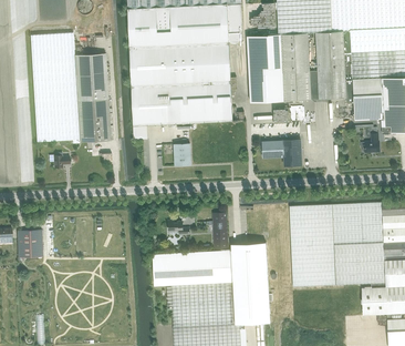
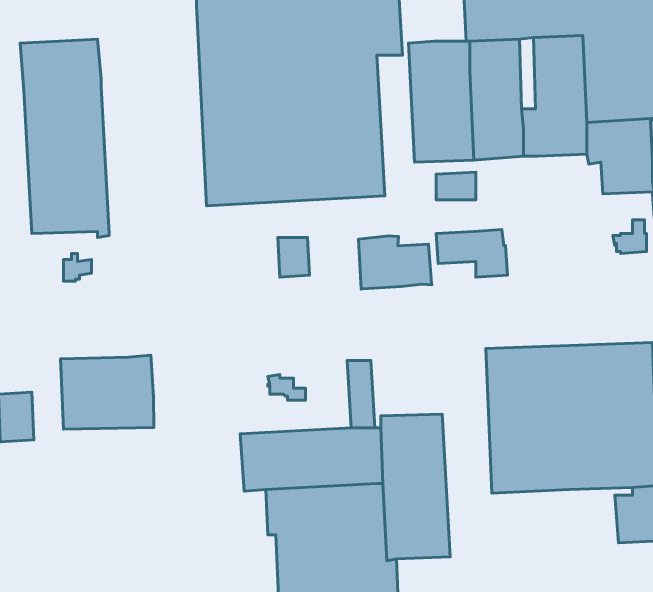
building: [75,54,111,142] -> none
building: none -> [359,236,432,289]
building: none -> [60,355,154,429]

